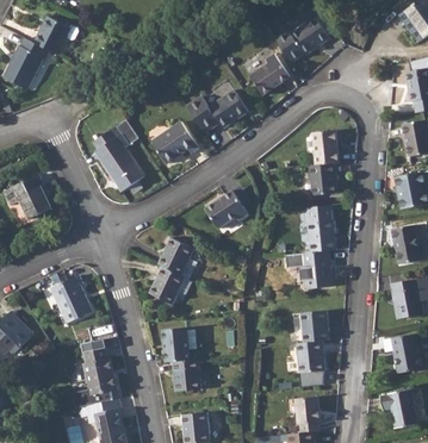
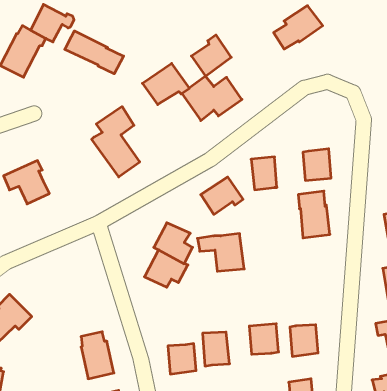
building: none -> [65,31,124,74]
building: [249,52,290,94] -> [191,35,231,76]
building: [151,121,199,163] -> [142,63,189,105]
building: [312,131,339,164] -> [251,157,277,190]
building: [286,250,334,288] -> [197,234,244,271]
building: [52,275,93,323] -> none
building: [300,311,330,342] -> [249,324,279,354]
building: [163,329,191,363] -> [203,332,230,366]

